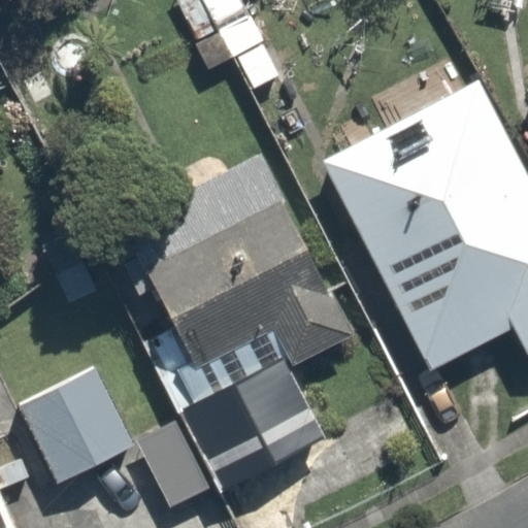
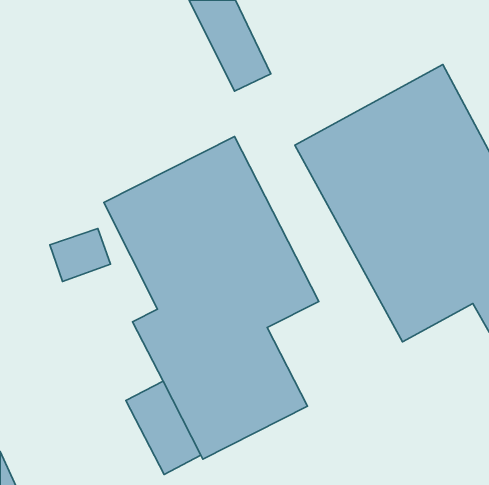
building: [16,368,137,489] -> none

